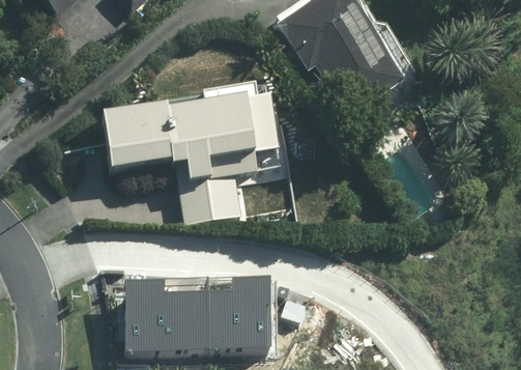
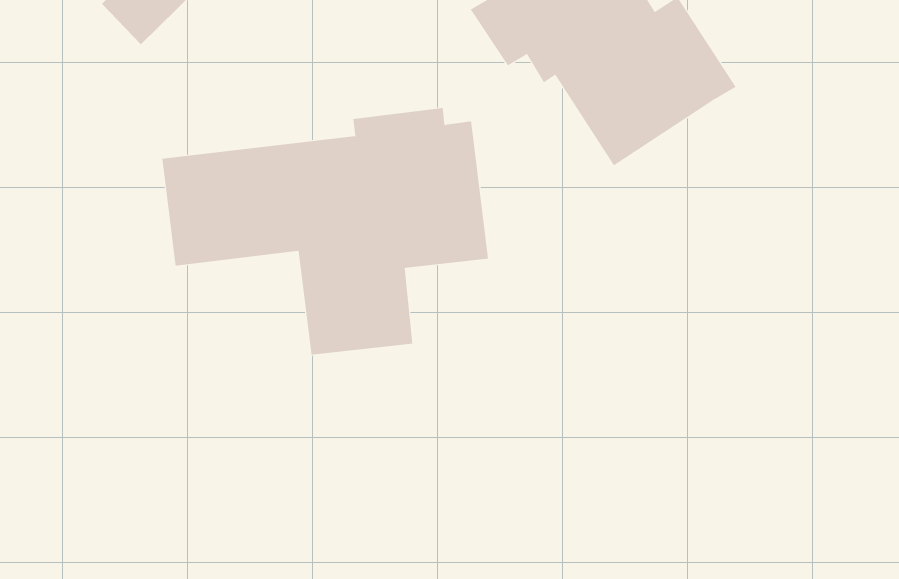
building: [126,268,269,339] -> none

